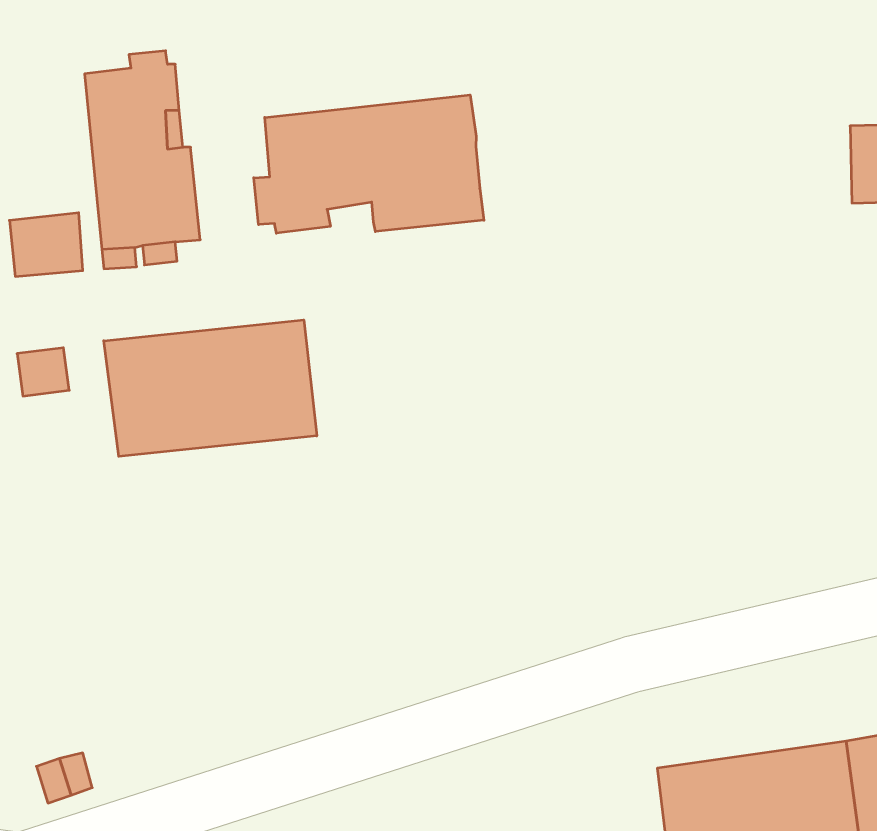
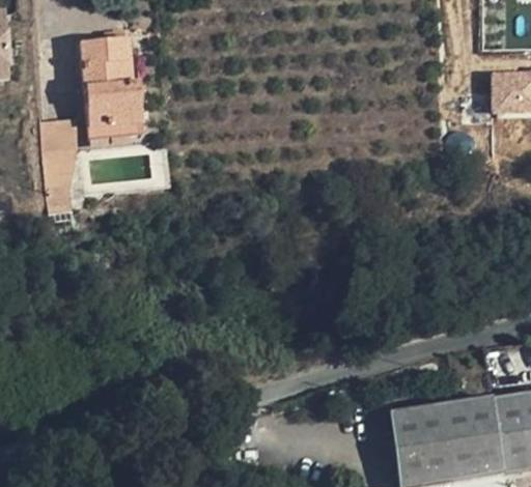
building: [254,95,484,233] -> none
building: none -> [44,148,80,193]
building: [104,320,317,456] -> none

